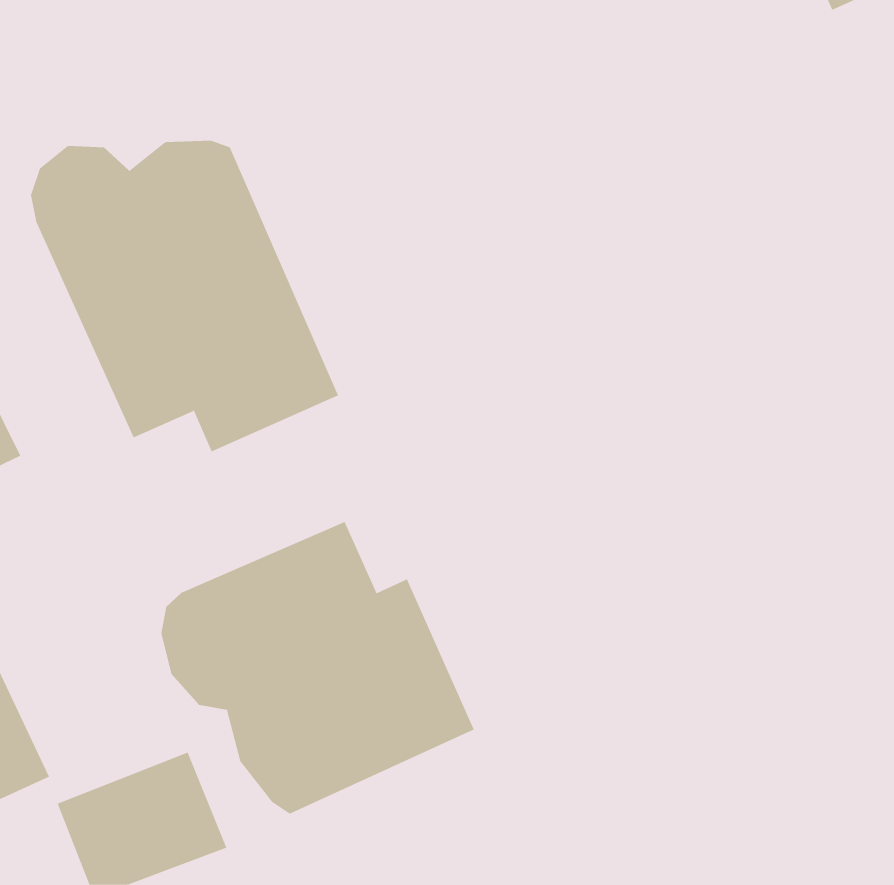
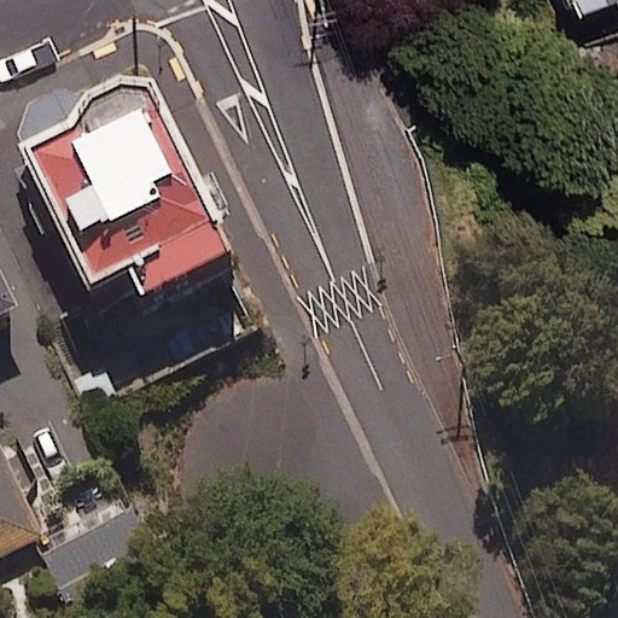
building: [161,521,474,815] -> none

